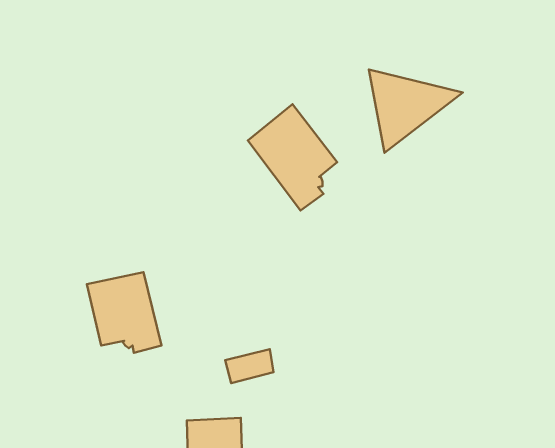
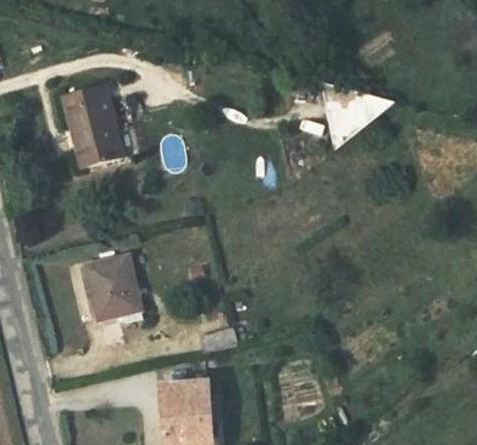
building: none -> [66,85,117,167]
building: [248,104,337,210] -> none

